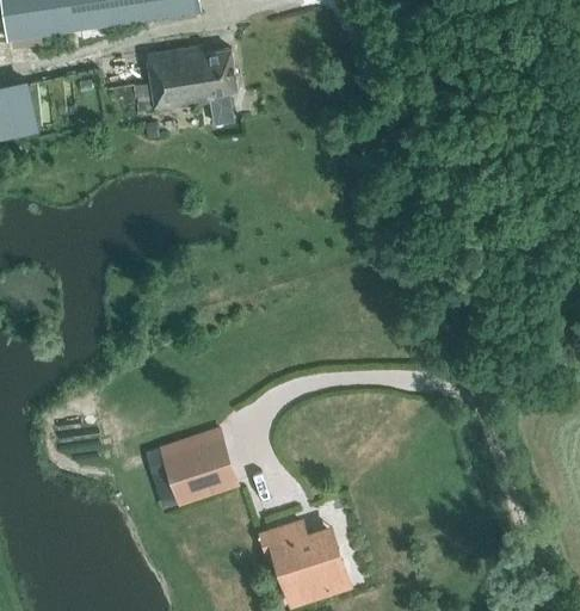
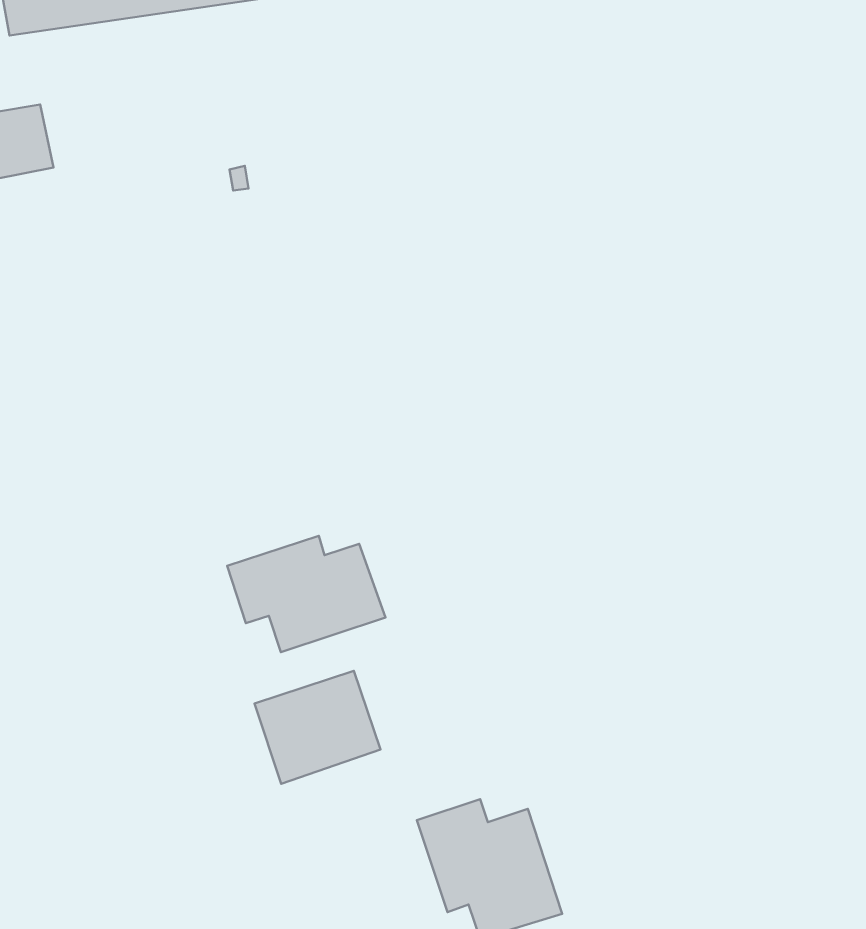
building: [132,48,235,125] -> none
building: none -> [227,536,386,652]

